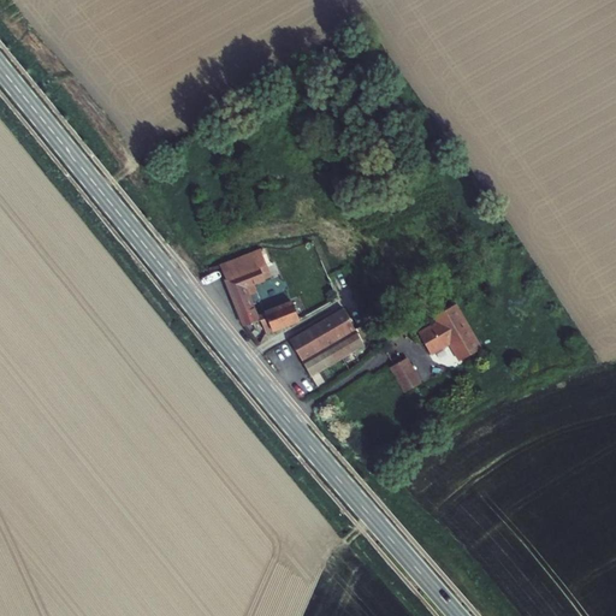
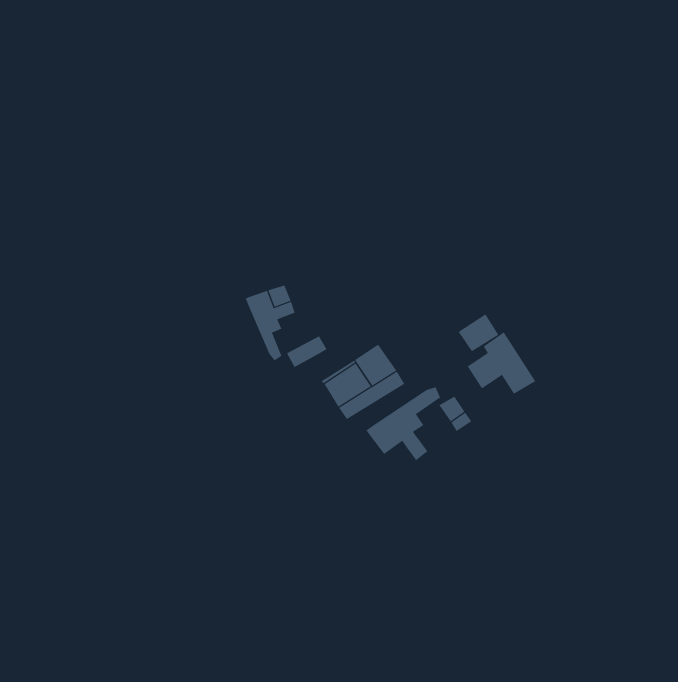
building: none -> [458,313,499,352]
building: none -> [365,386,441,461]

